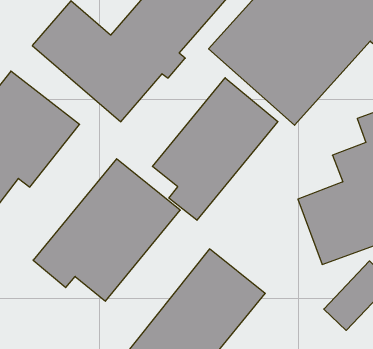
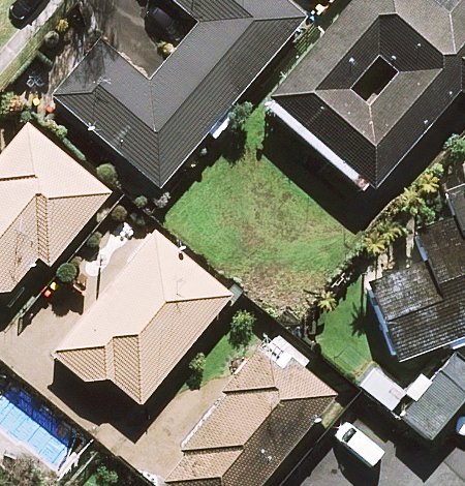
building: [152,78,278,220] -> none

